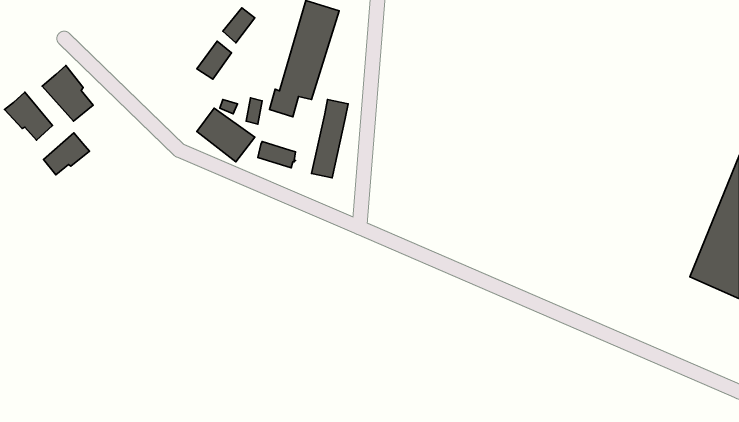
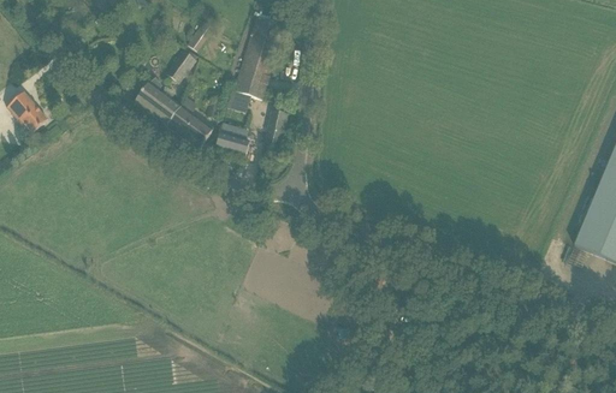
building: [42,66,93,121] -> none
building: none -> [134,76,180,123]
building: [44,133,89,175] -> none

